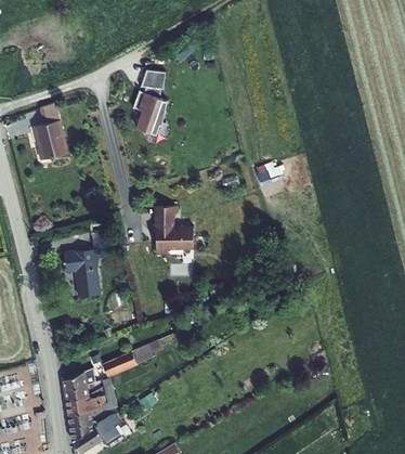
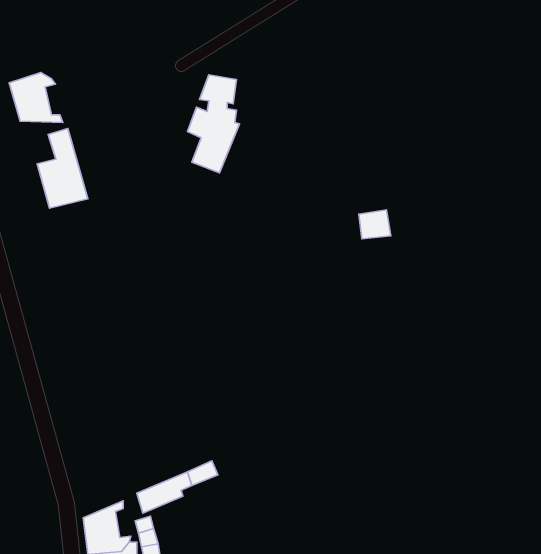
building: none -> [9,73,63,122]
building: [152,206,194,255] -> none
building: [61,236,107,299] -> none

